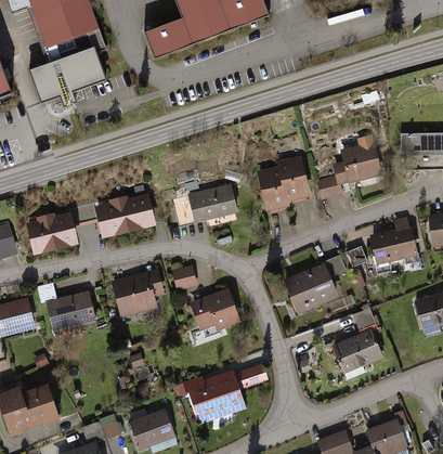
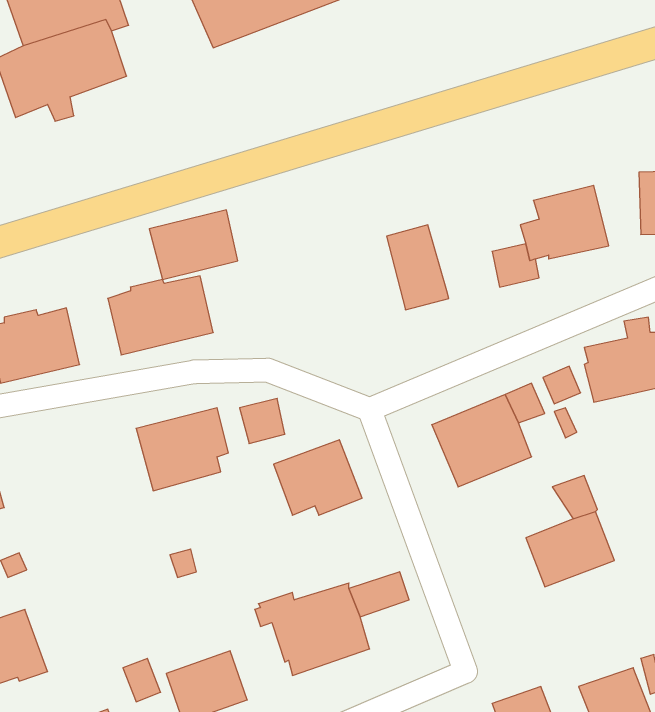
building: [277,154,311,202] -> none
building: [186,182,237,222] -> [149,210,238,280]
building: [44,290,96,333] -> none

